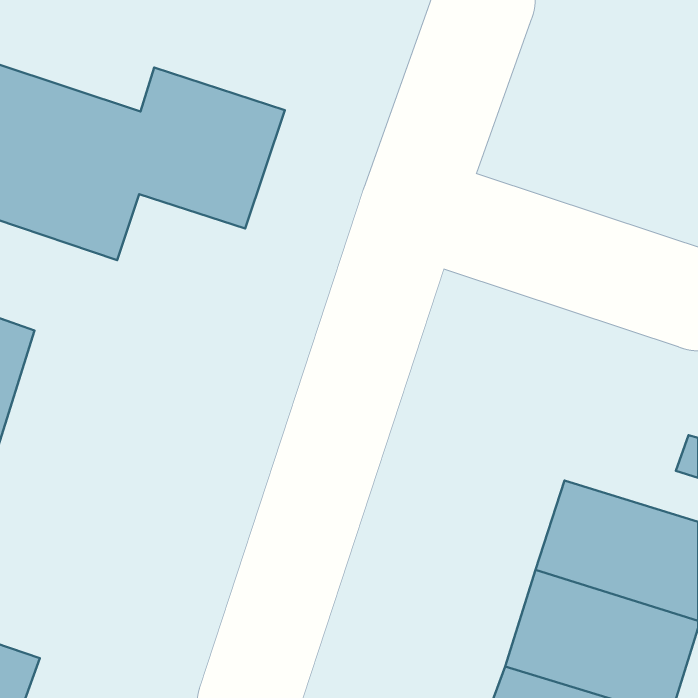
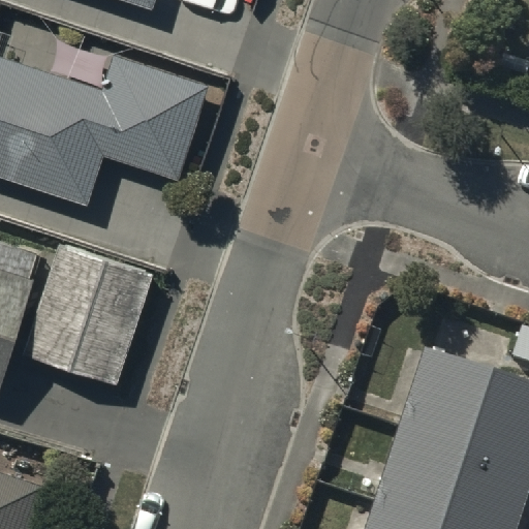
building: none -> [29,249,150,377]

